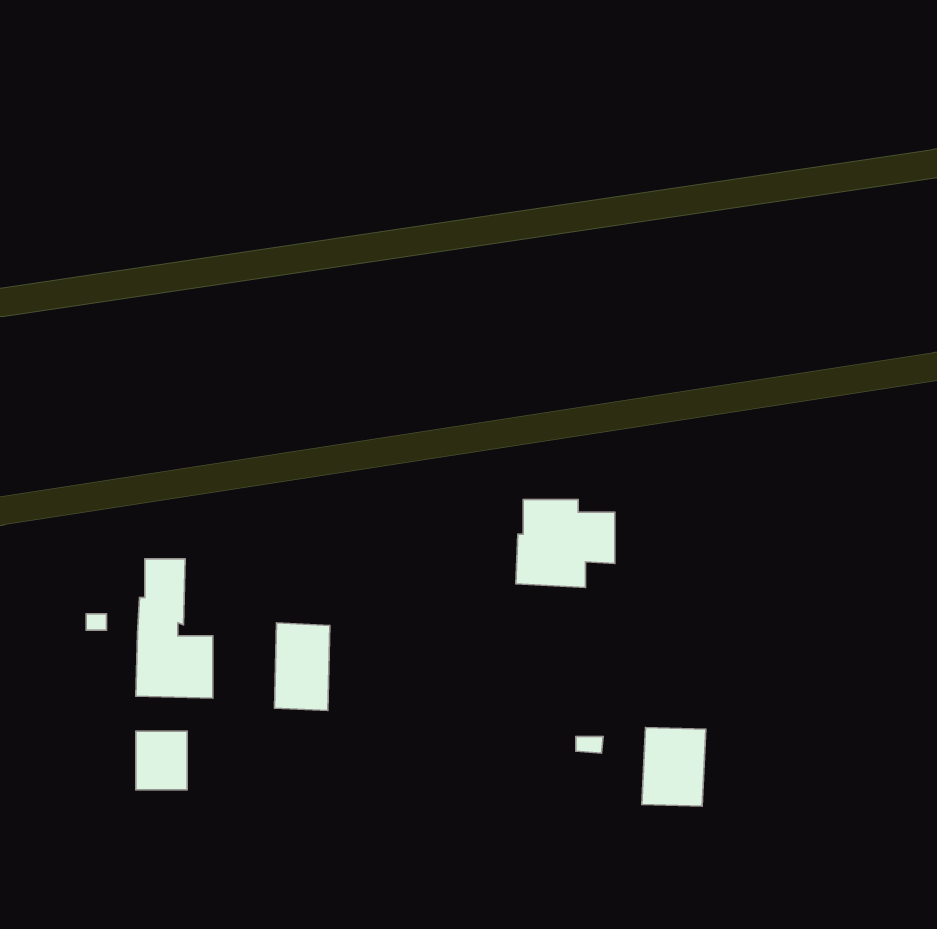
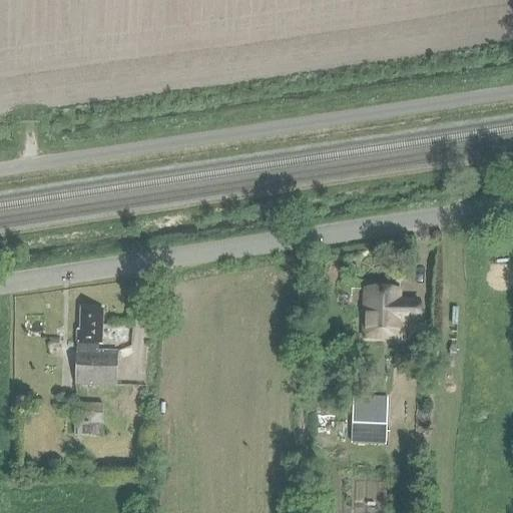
building: [516,499,615,587] -> [364,287,418,335]
building: [275,623,330,711] -> none

